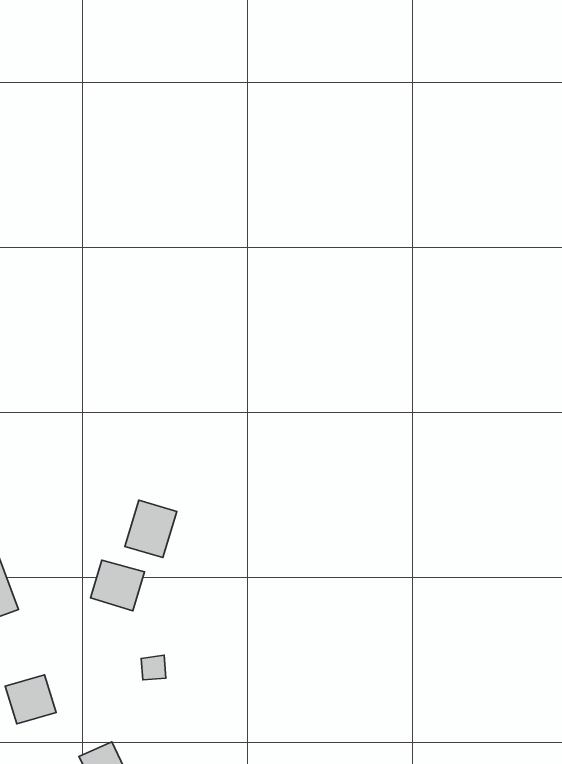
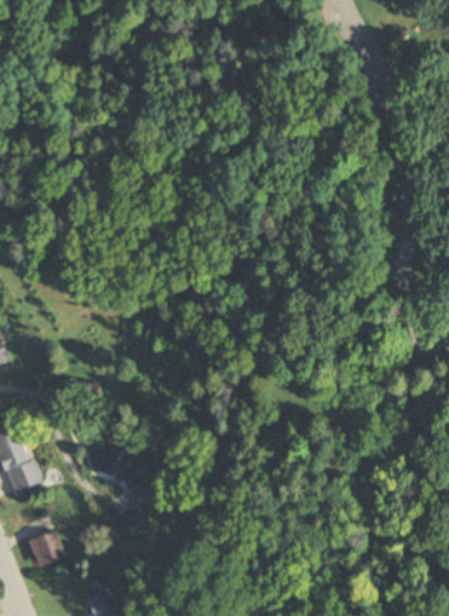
building: [125,500,177,557] -> none

